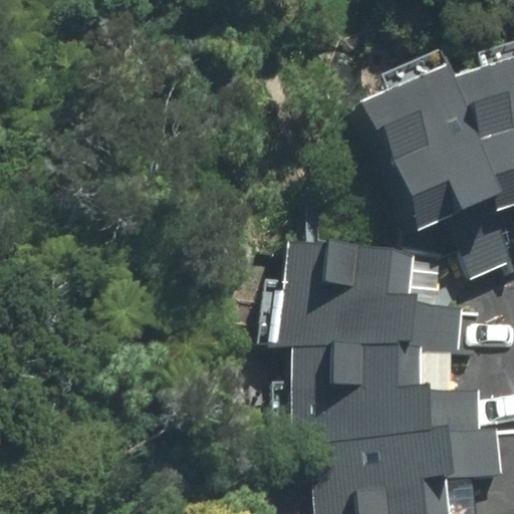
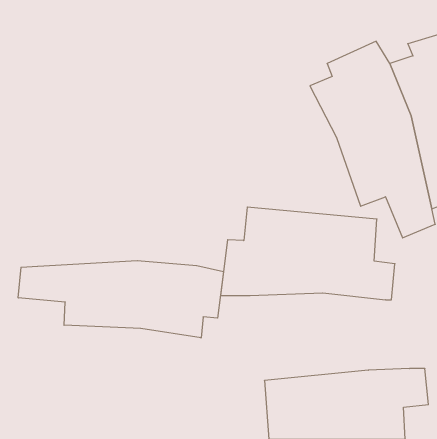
building: none -> [18,261,224,338]
building: [275,342,481,448] -> none

